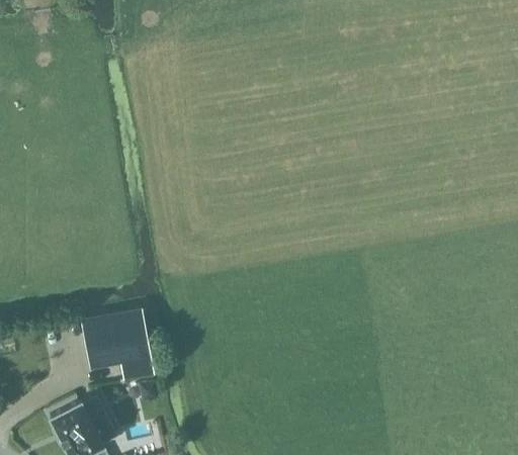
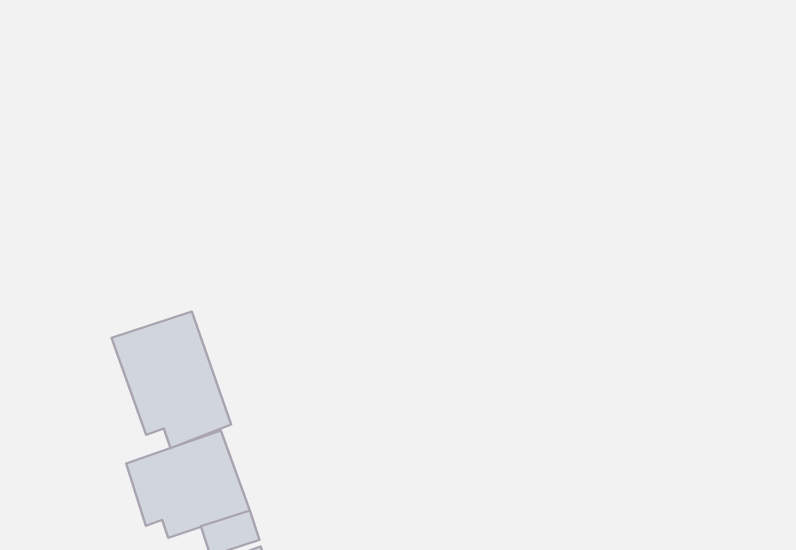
building: none -> [111,311,231,448]

